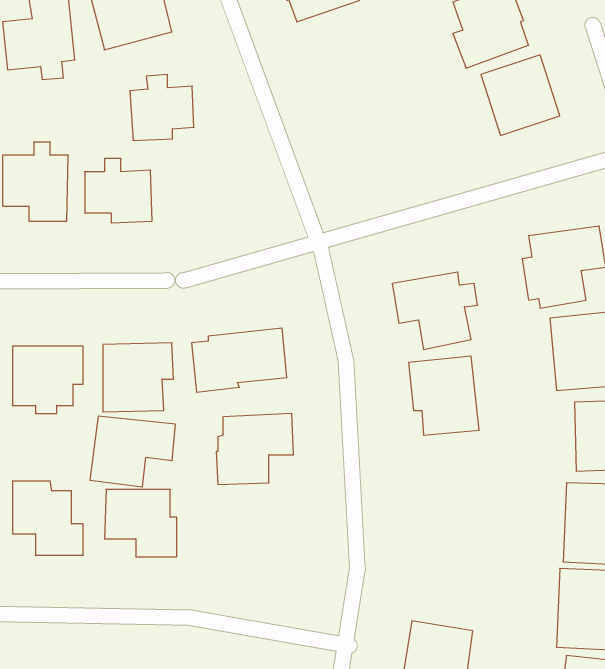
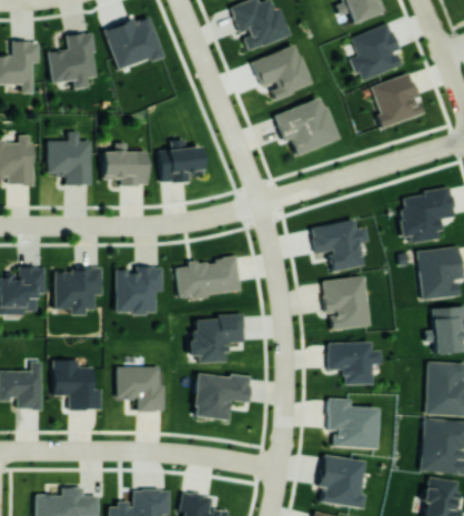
building: none -> [252,45,311,99]
building: [130,75,194,140] -> [160,139,203,183]
building: none -> [273,99,340,155]
building: [90,416,175,487] -> [193,373,251,421]
building: none -> [327,342,382,385]
building: none -> [327,398,379,448]

